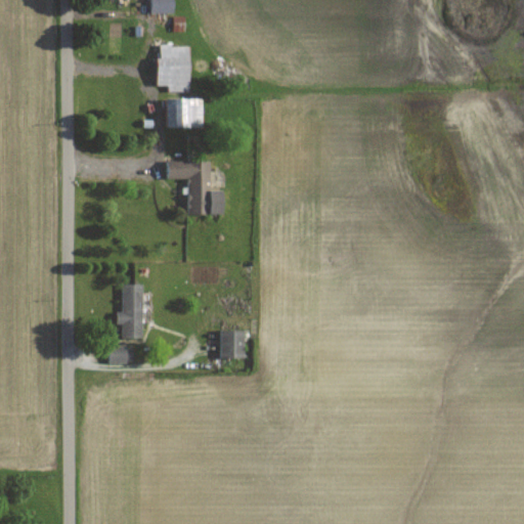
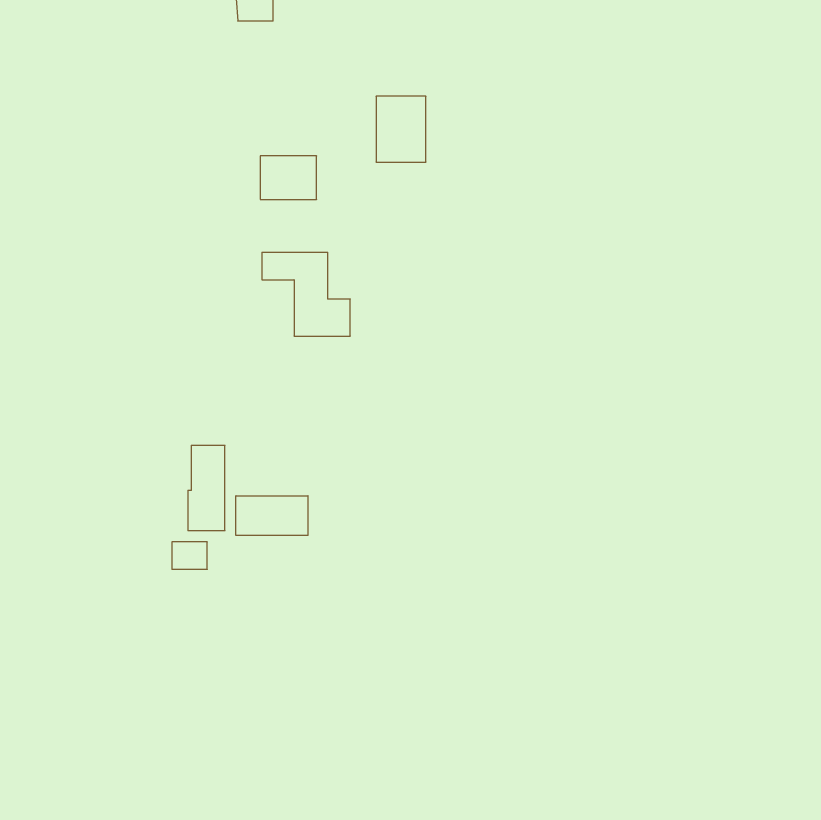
building: [158,45,189,87] -> [376,96,426,162]
building: none -> [236,496,308,535]
building: [222,331,245,358] -> none

